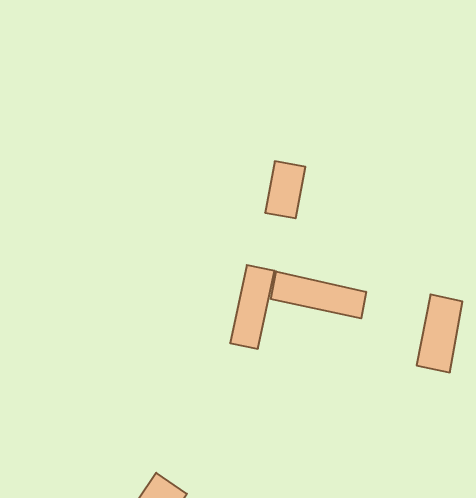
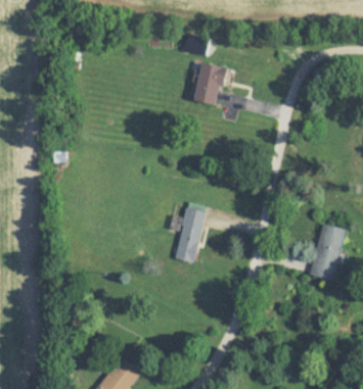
building: [265,161,305,218] -> [195,63,225,105]
building: [271,271,366,318] -> none

